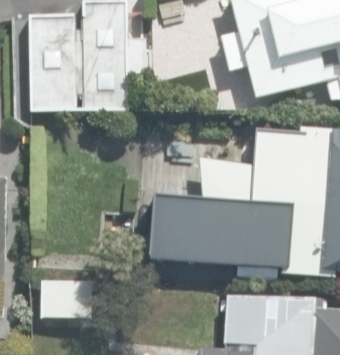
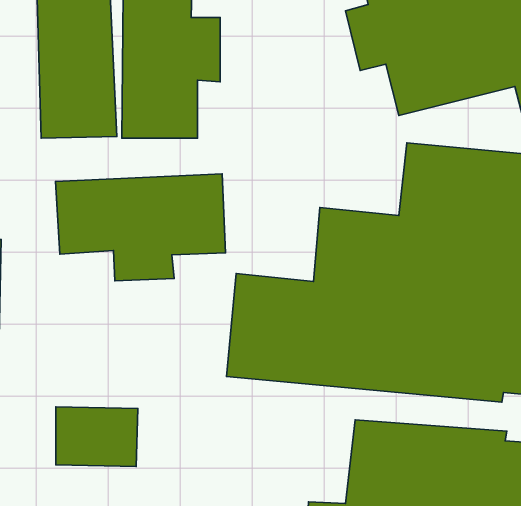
building: none -> [56,174,225,281]

